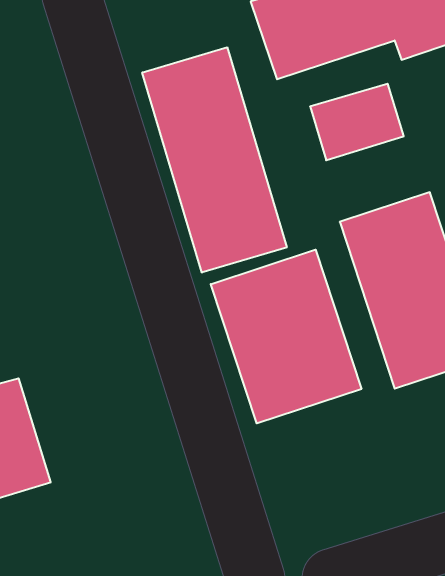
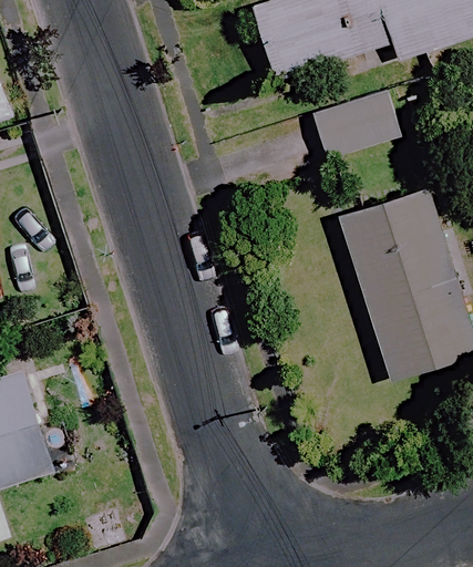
building: [142,47,287,273] -> none
building: [211,250,361,423] -> none

